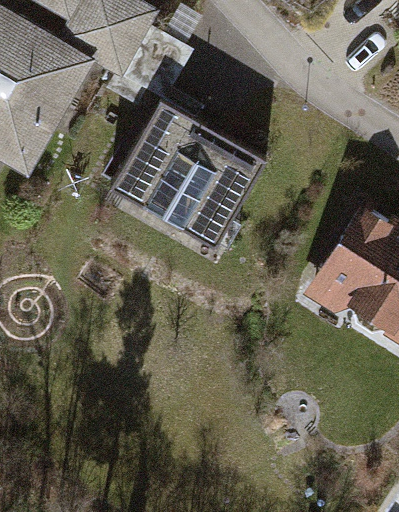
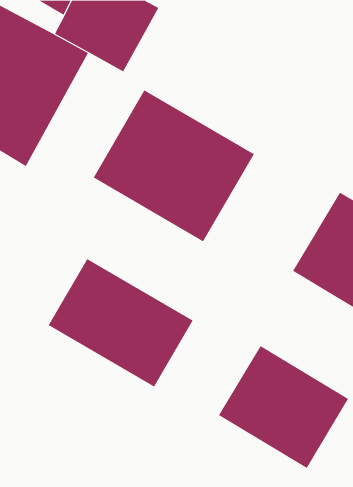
building: none -> [48,258,193,387]
building: none -> [218,345,349,469]

